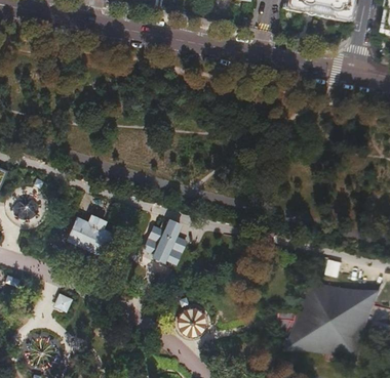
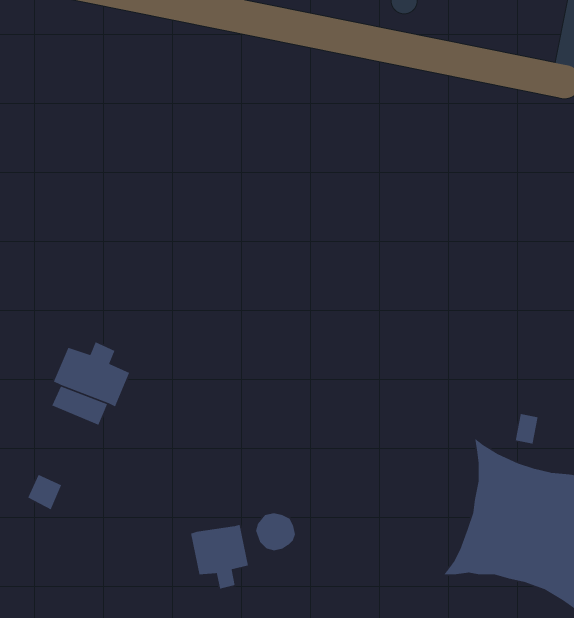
building: [145,219,191,262] -> none
building: none -> [190,524,249,589]

